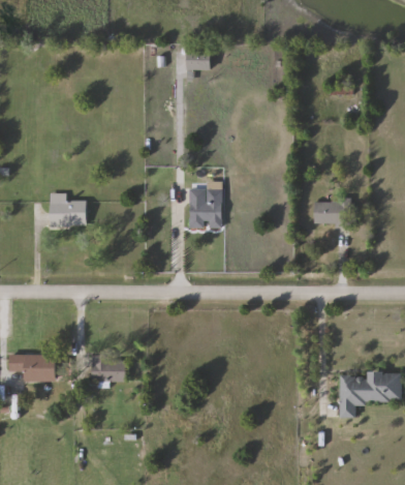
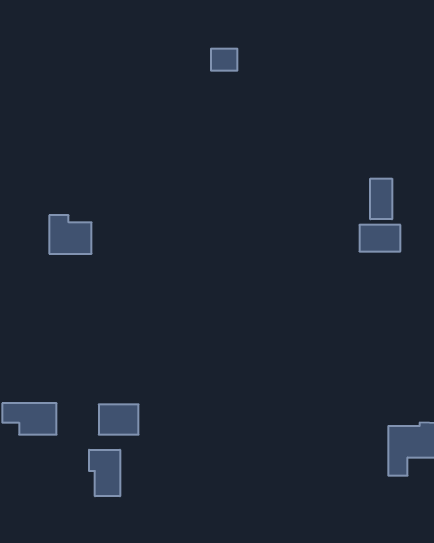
building: none -> [370,179,392,219]
building: [189,183,221,228] -> none
building: none -> [89,450,120,496]

